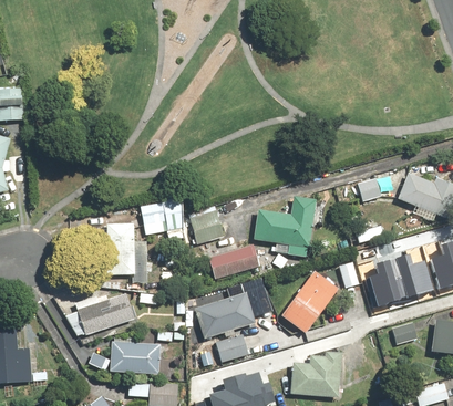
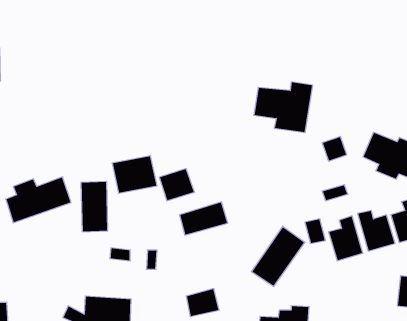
building: [254,206,315,258] -> [254,82,313,132]
building: [195,291,261,340] -> none
building: [69,292,136,340] -> [6,177,71,223]
building: [390,321,418,345] -> none

